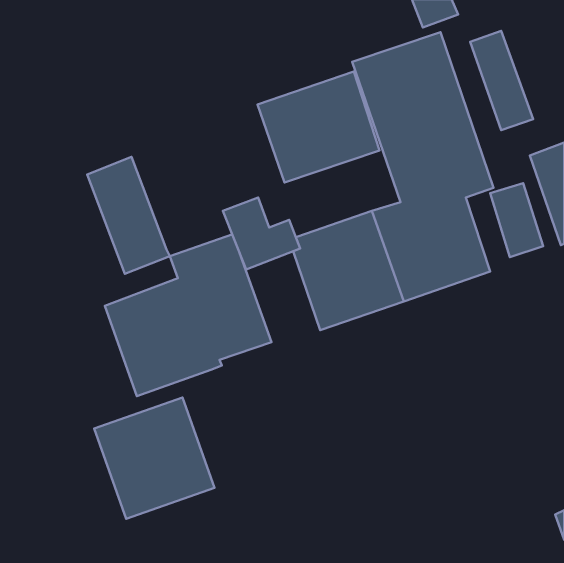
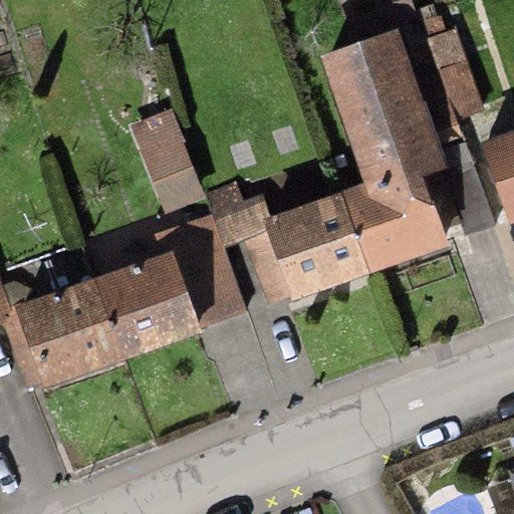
building: [258,72,380,183] -> none
building: [87,157,170,274] -> [131,107,206,214]
building: [94,397,214,519] -> [15,278,124,389]

